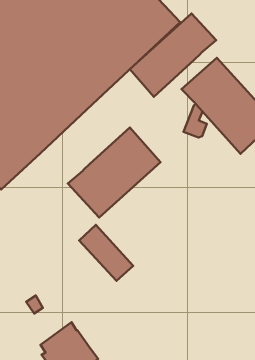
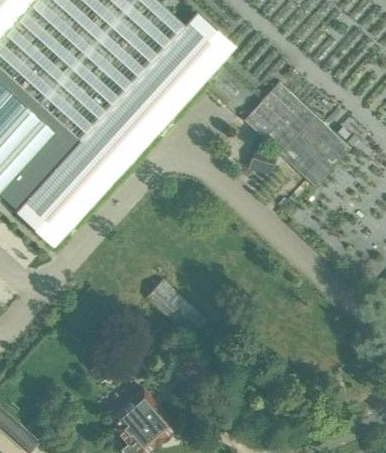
building: [130,13,216,97] -> none
building: [68,127,160,218] -> none

